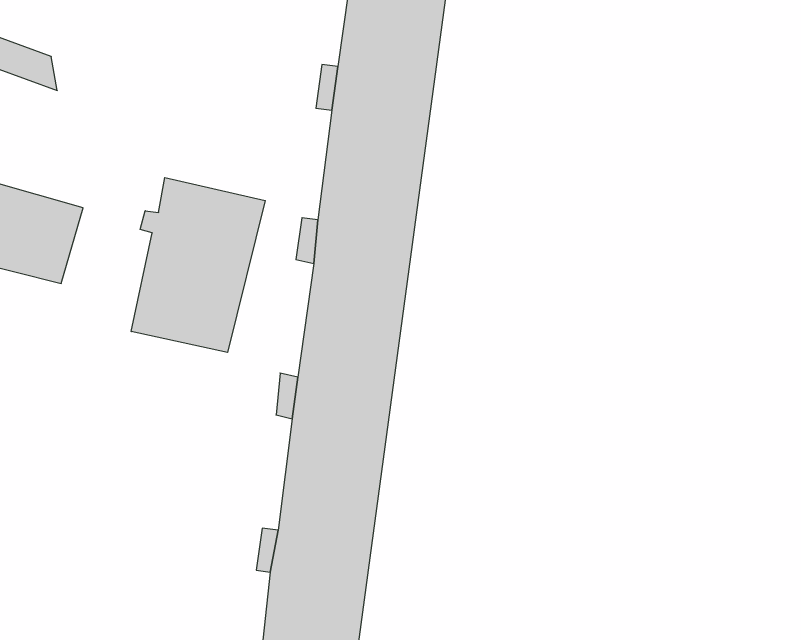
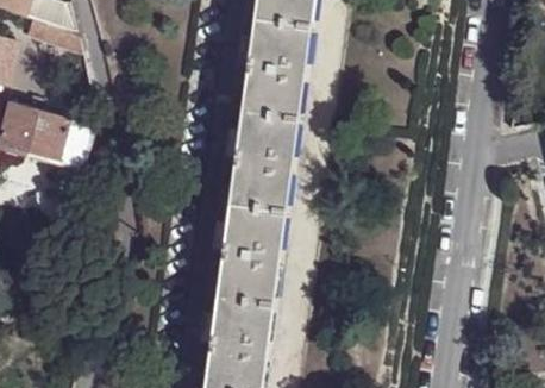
building: [131,178,265,352] -> none

